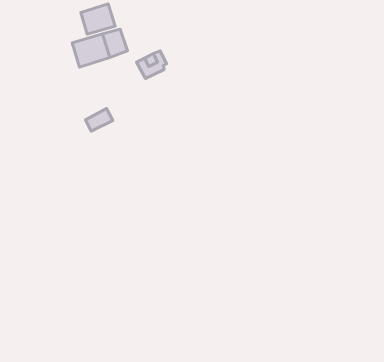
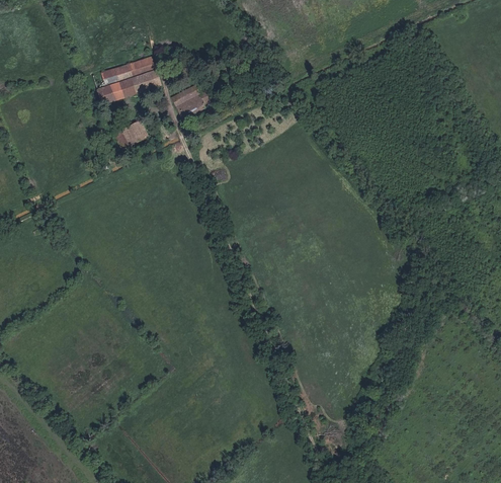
building: [81,4,115,34] -> none
building: [85,108,113,131] -> [113,120,148,149]

